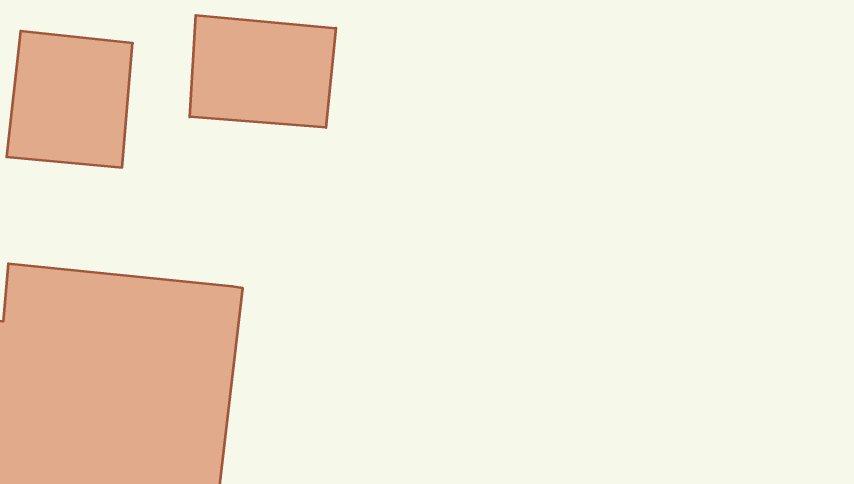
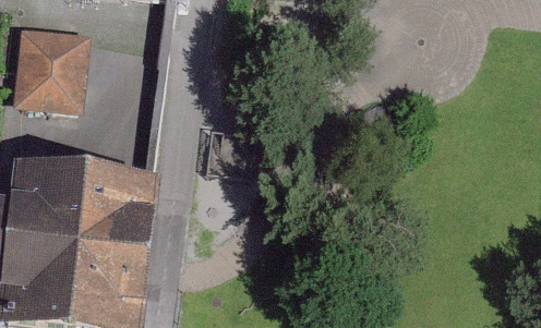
building: [190,15,336,128] -> none

